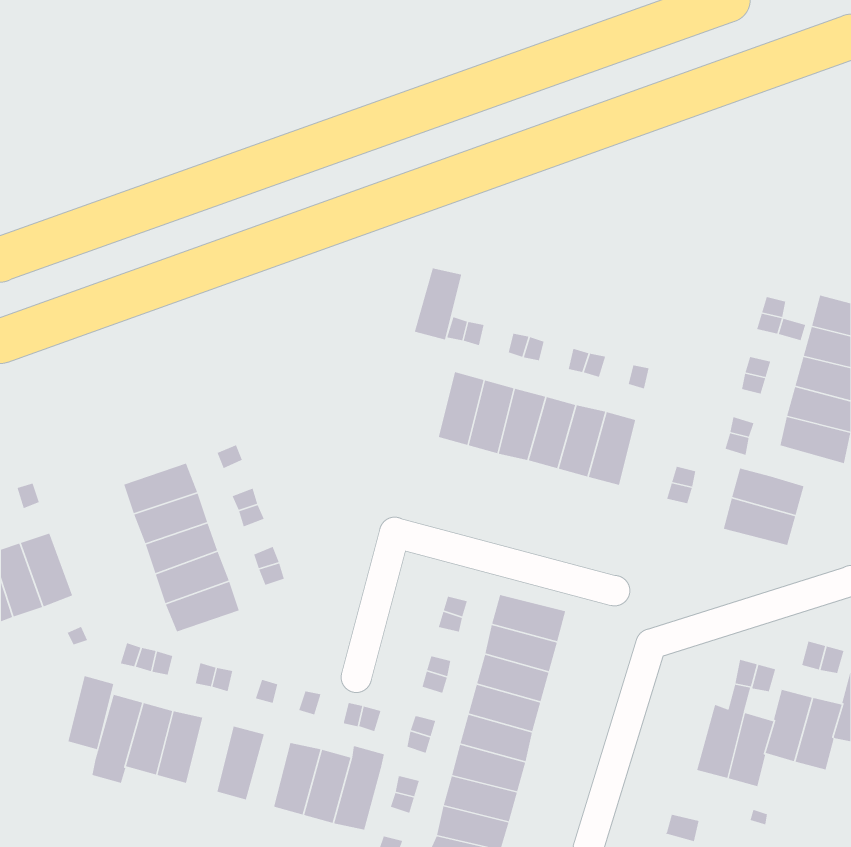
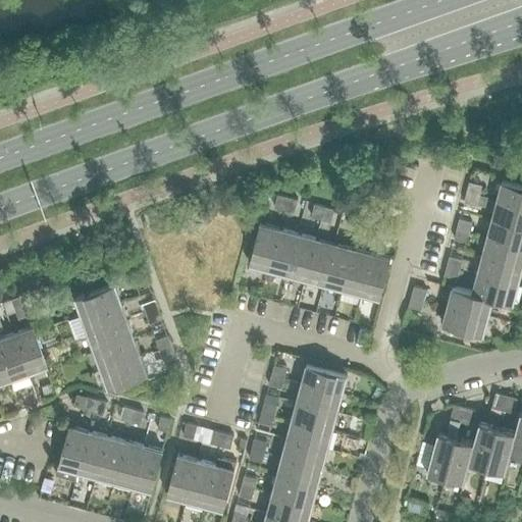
building: [414,267,462,341] -> [249,225,278,270]
building: none -> [472,275,517,305]
building: [67,675,114,750] -> [114,441,143,487]

